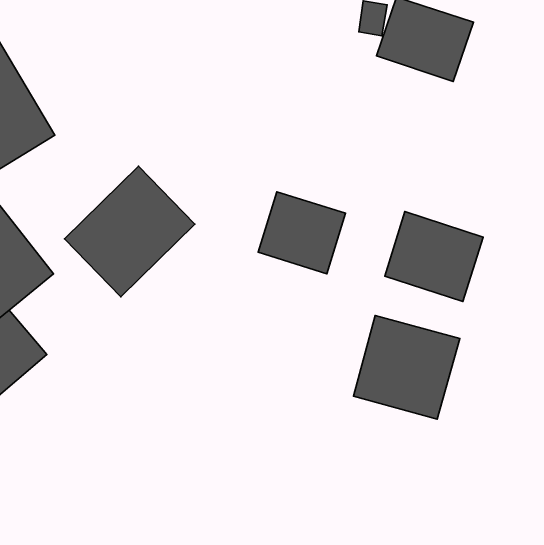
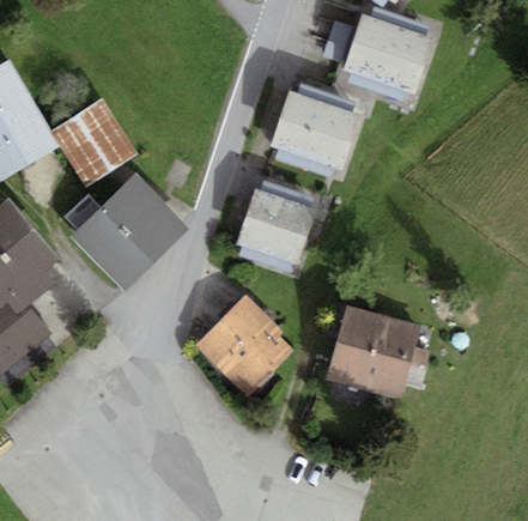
building: none -> [51,97,135,184]
building: [385,211,483,302] -> [275,96,363,176]
building: none -> [195,293,298,395]

